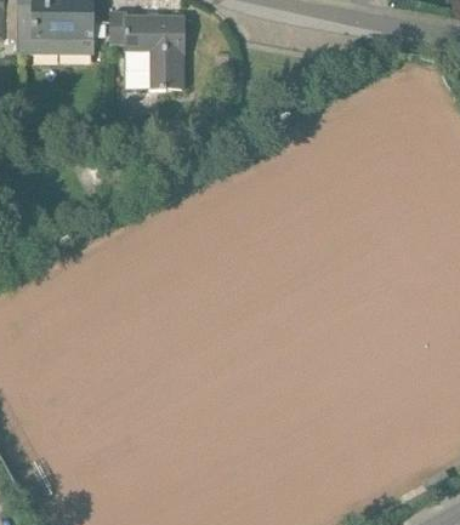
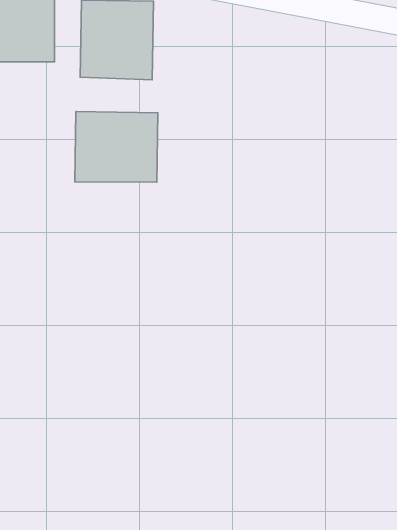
building: none -> [75,112,158,182]

